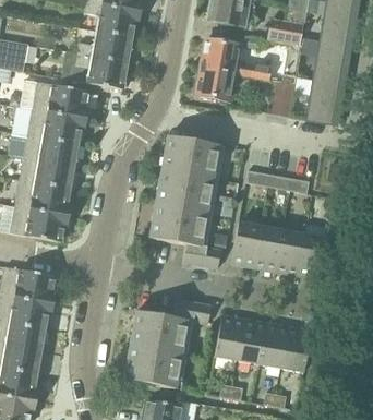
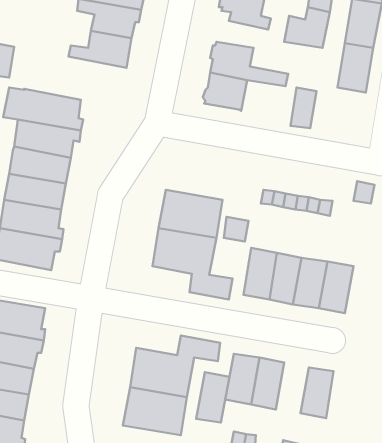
building: [72,52,128,88] -> none
building: [306,80,339,124] -> none
building: [163,135,219,179] -> none
building: [260,323,289,368] -> [196,372,229,423]

